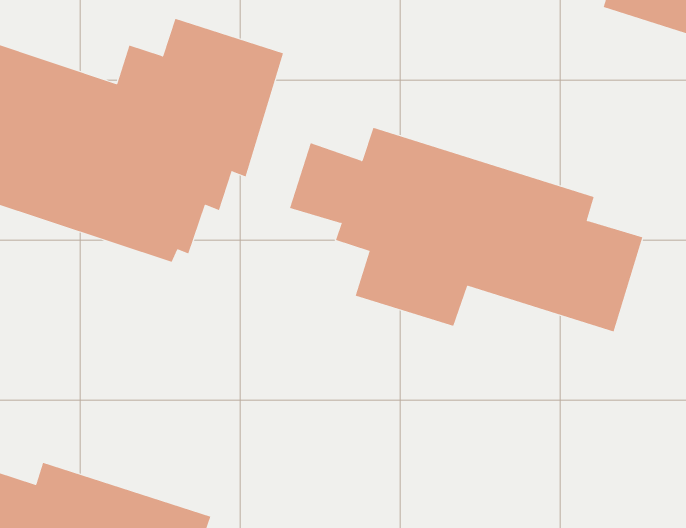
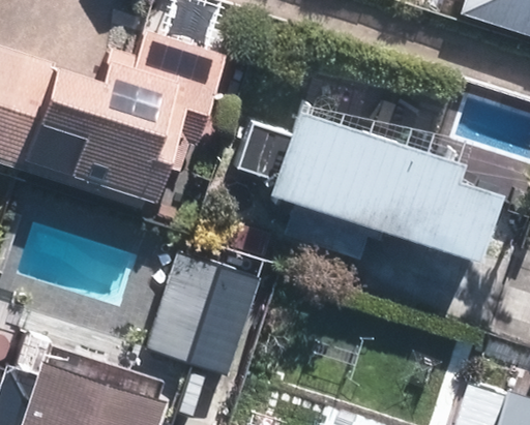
building: none -> [148,248,266,375]

